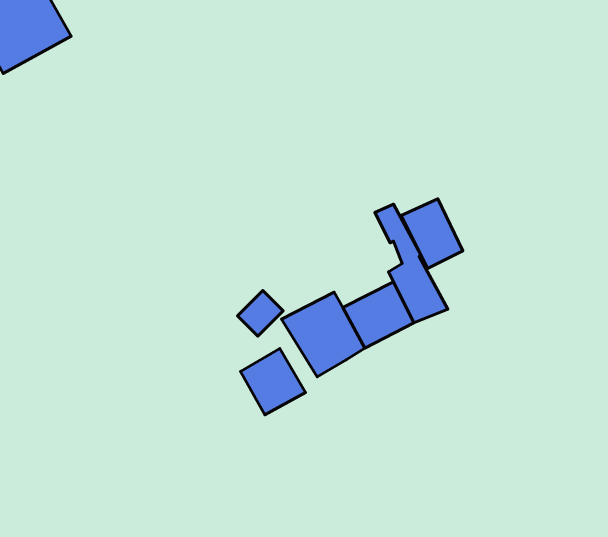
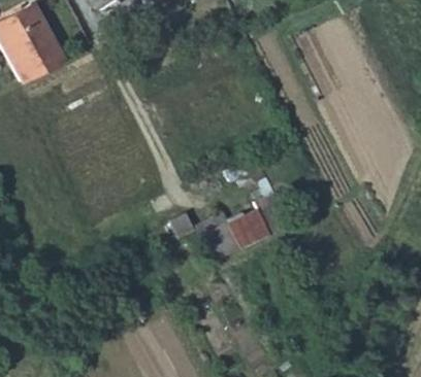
building: [401,199,463,269] -> none
building: [240,348,306,415] -> none

